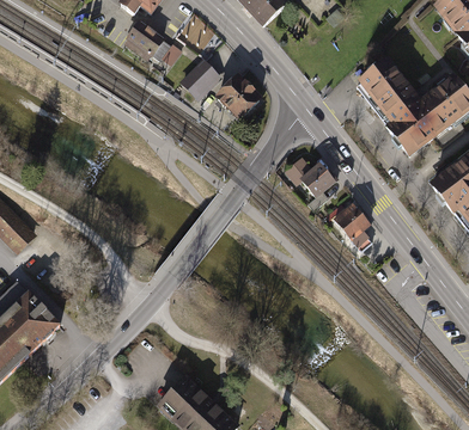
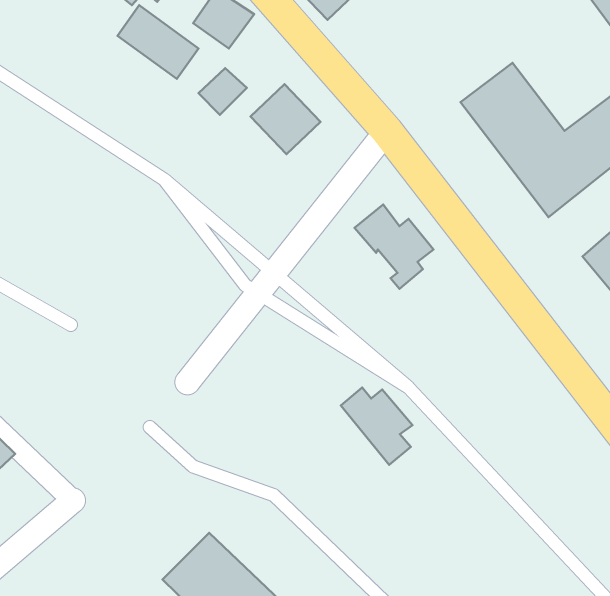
building: [325,201,373,252] -> [341,388,413,465]

